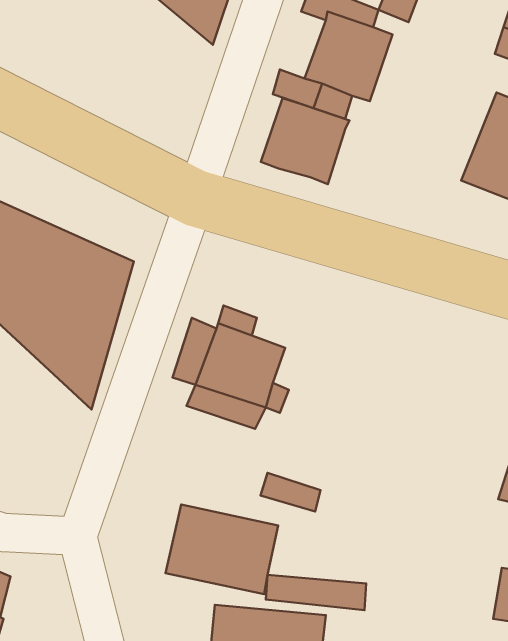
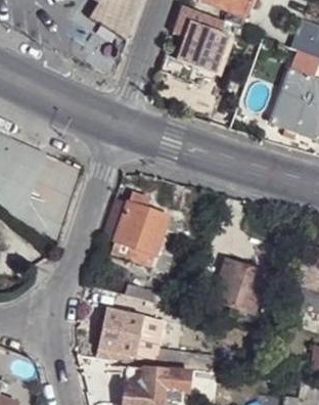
building: [261,98,349,184] -> none
building: none -> [215,261,269,313]

